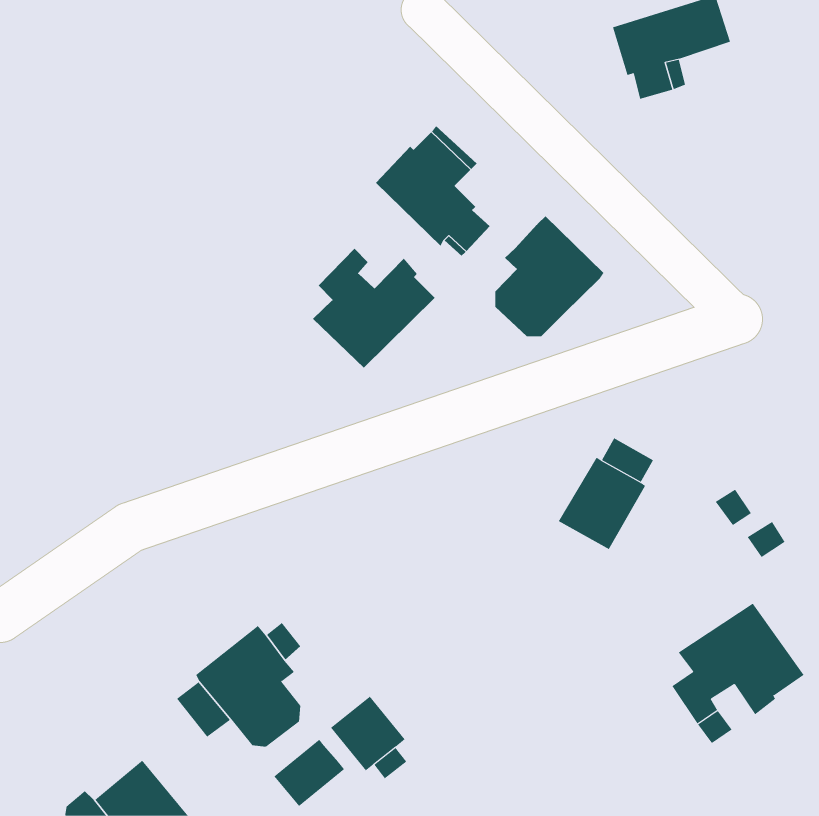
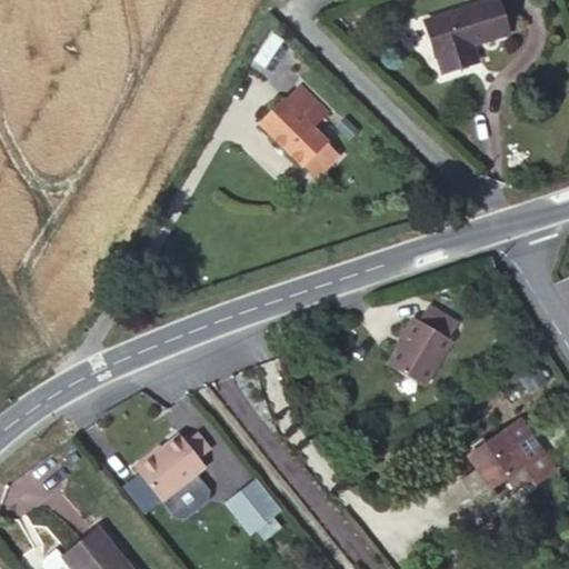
building: [495,216,604,337] -> none
building: [312,248,435,368] -> none
building: [273,739,345,807] -> none

